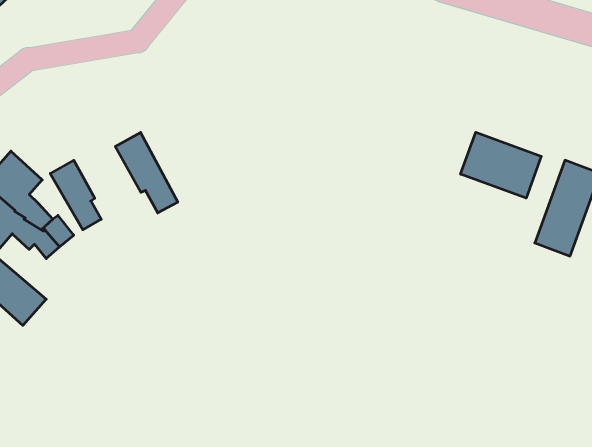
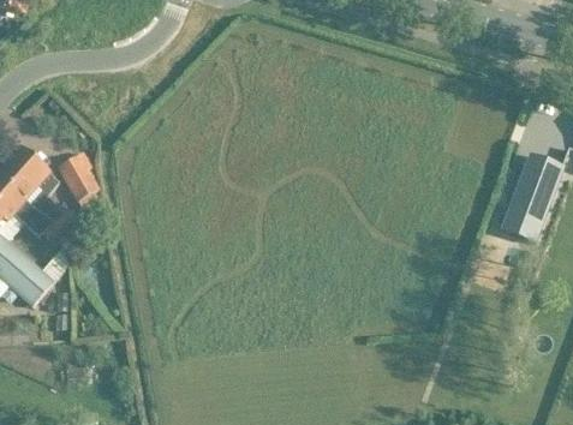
building: [461,132,541,198] -> none
building: [115,132,178,213] -> none

